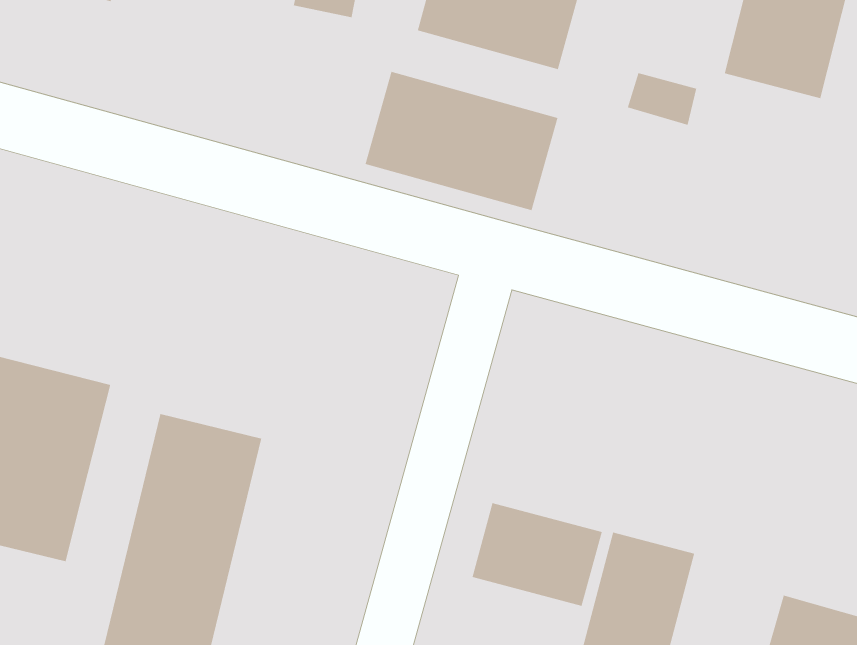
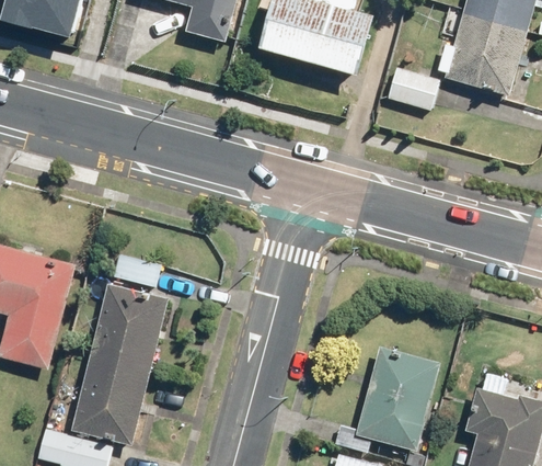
building: [364,71,558,211] -> none
building: [472,502,603,607] -> none

